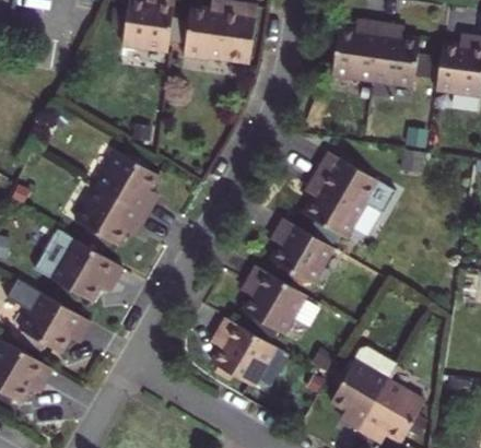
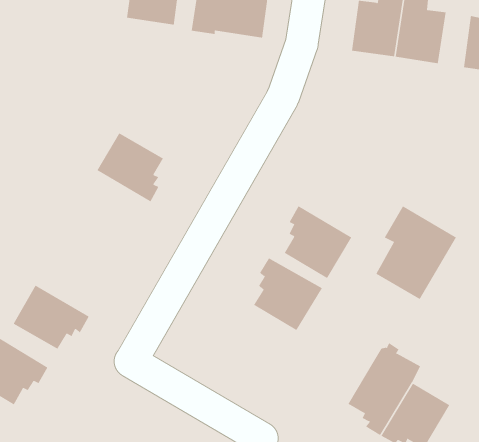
building: [305,152,380,239] -> [375,205,457,300]
building: [75,186,146,246] -> none
building: [33,228,121,302] -> none
building: [211,318,275,387] -> none

